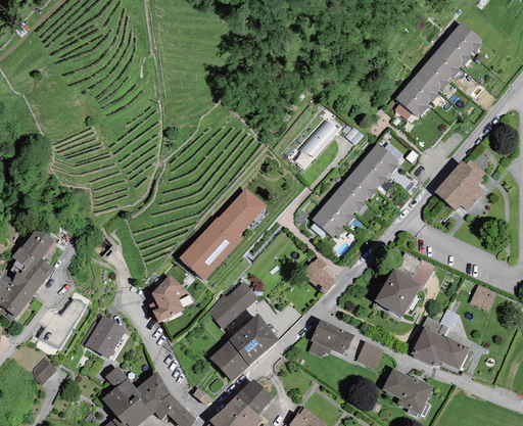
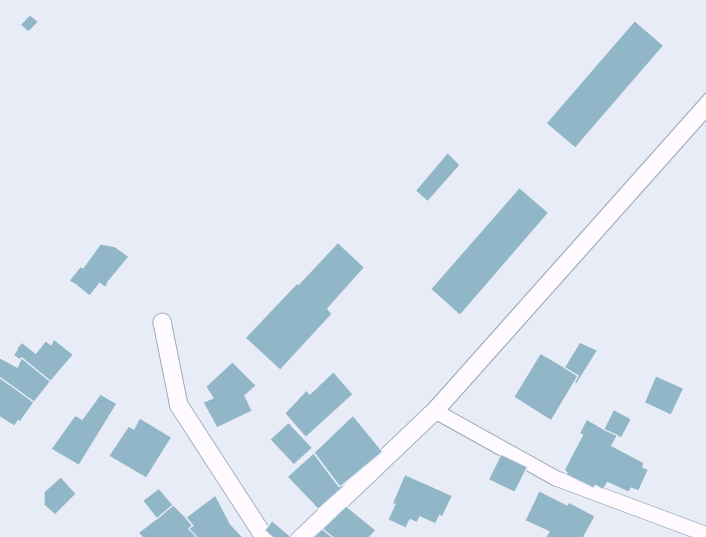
building: [433,159,484,210] -> none
building: [11,230,55,268] -> [69,244,129,296]
building: [300,256,335,293] -> none
building: none -> [270,422,312,465]
building: [307,319,354,358] -> [388,475,452,528]

